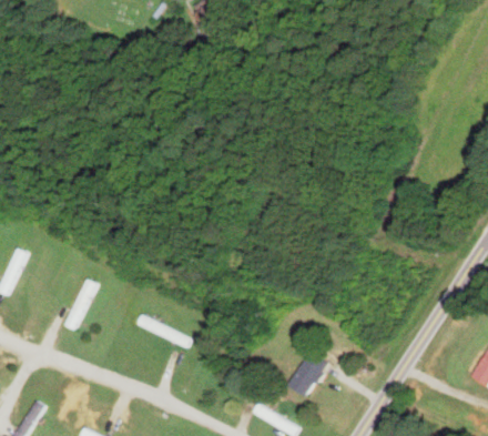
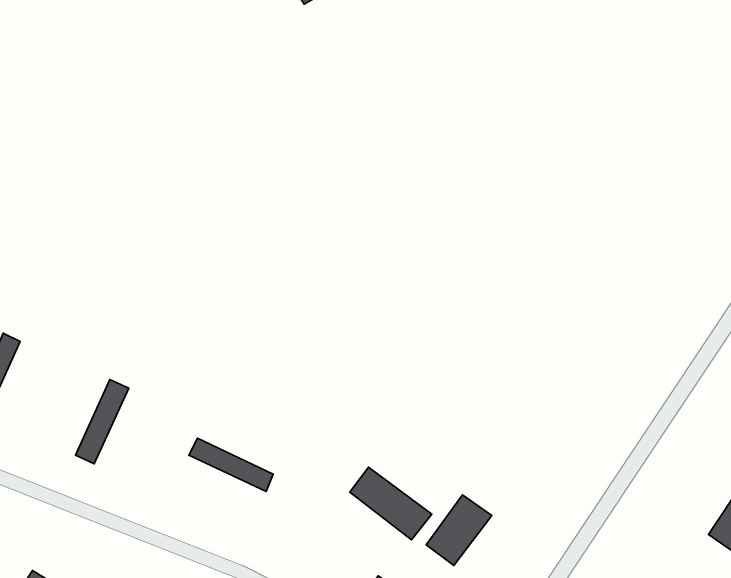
building: none -> [350,467,432,540]

